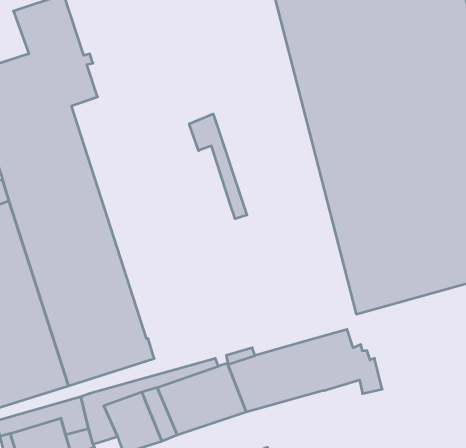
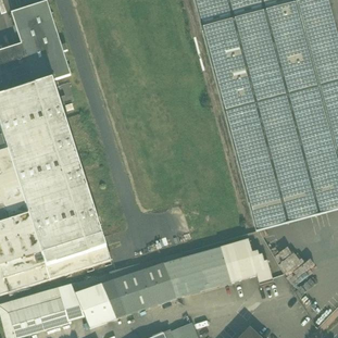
building: [189,114,247,219] -> none

